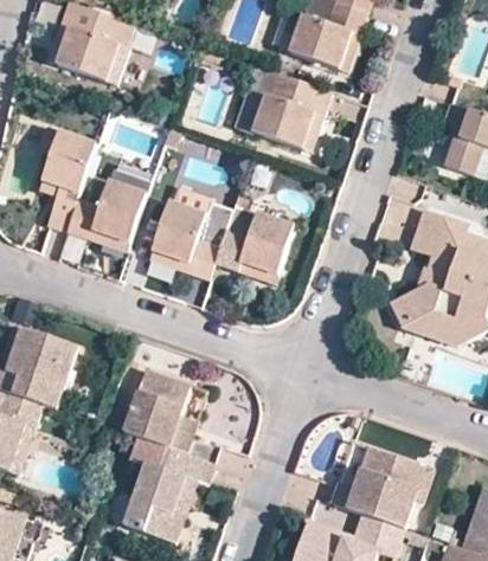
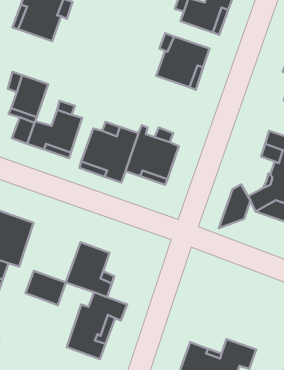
building: none -> [219,184,250,228]
building: none -> [25,271,66,305]
building: [329,447,424,529] -> none

